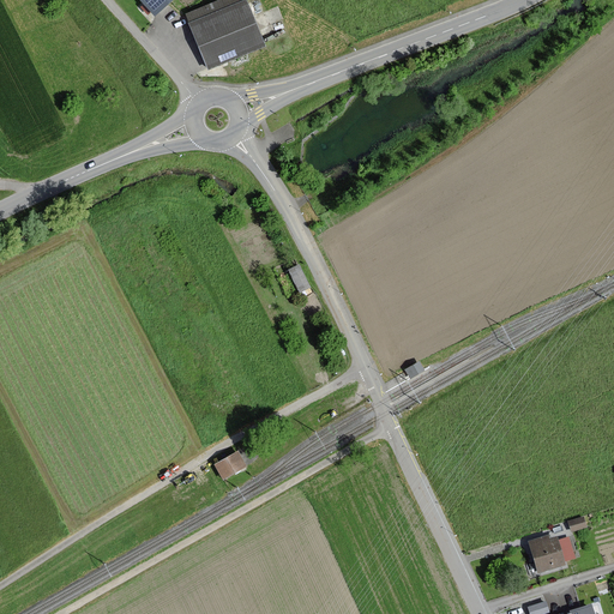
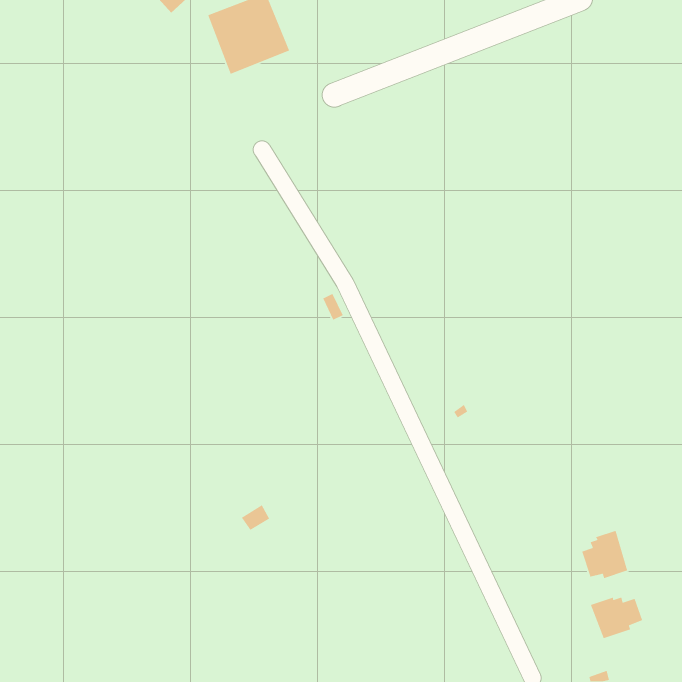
building: none -> [581,530,628,579]

